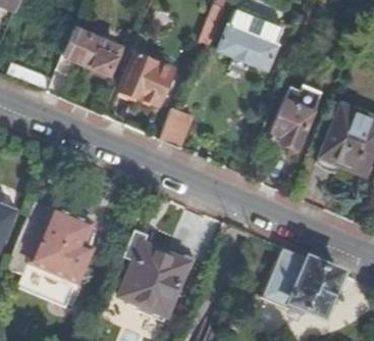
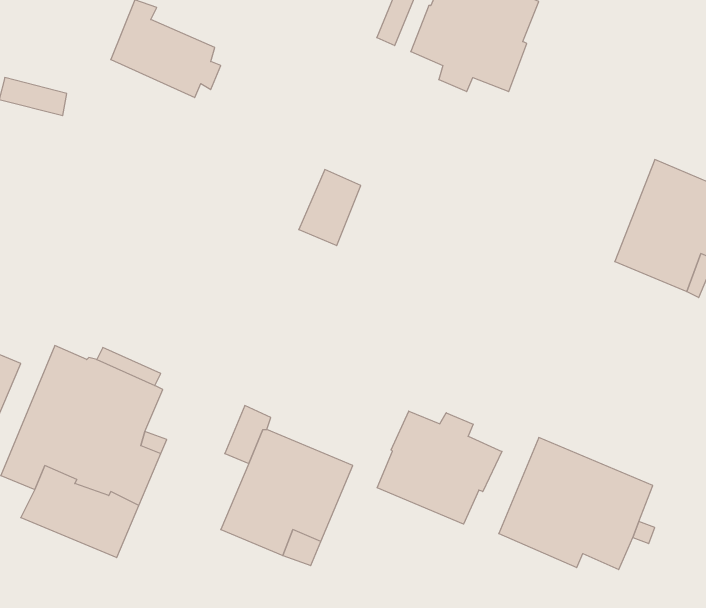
building: [121,55,172,104] -> none
building: [271,87,320,151] -> none
building: none -> [377,411,502,524]

